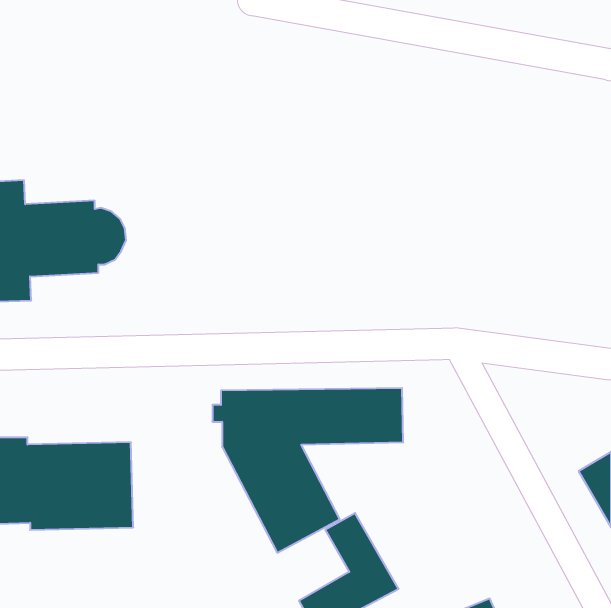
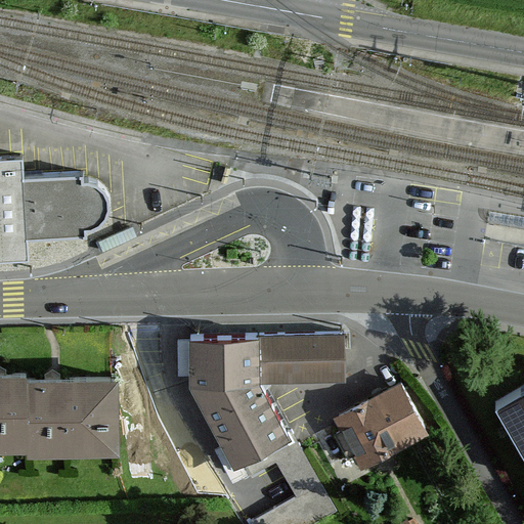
building: none -> [334,387,424,466]

